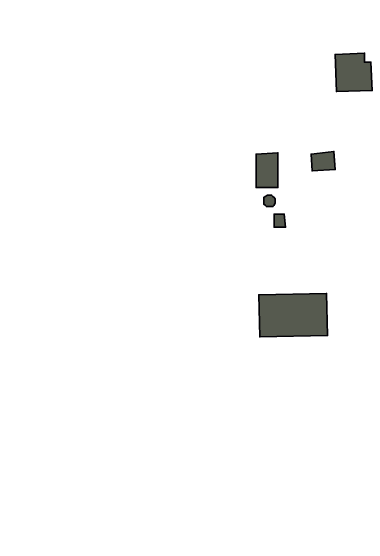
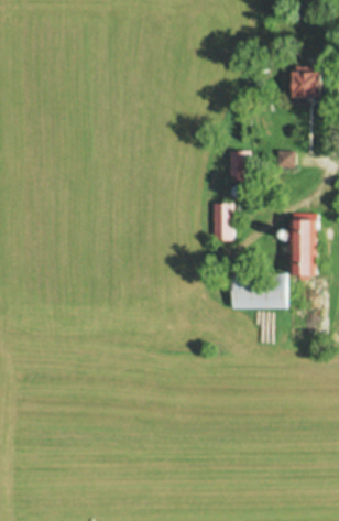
building: none -> [211,205,231,242]
building: none -> [289,215,317,273]

